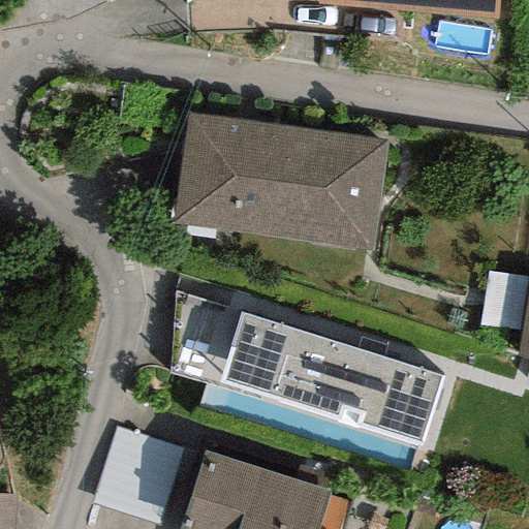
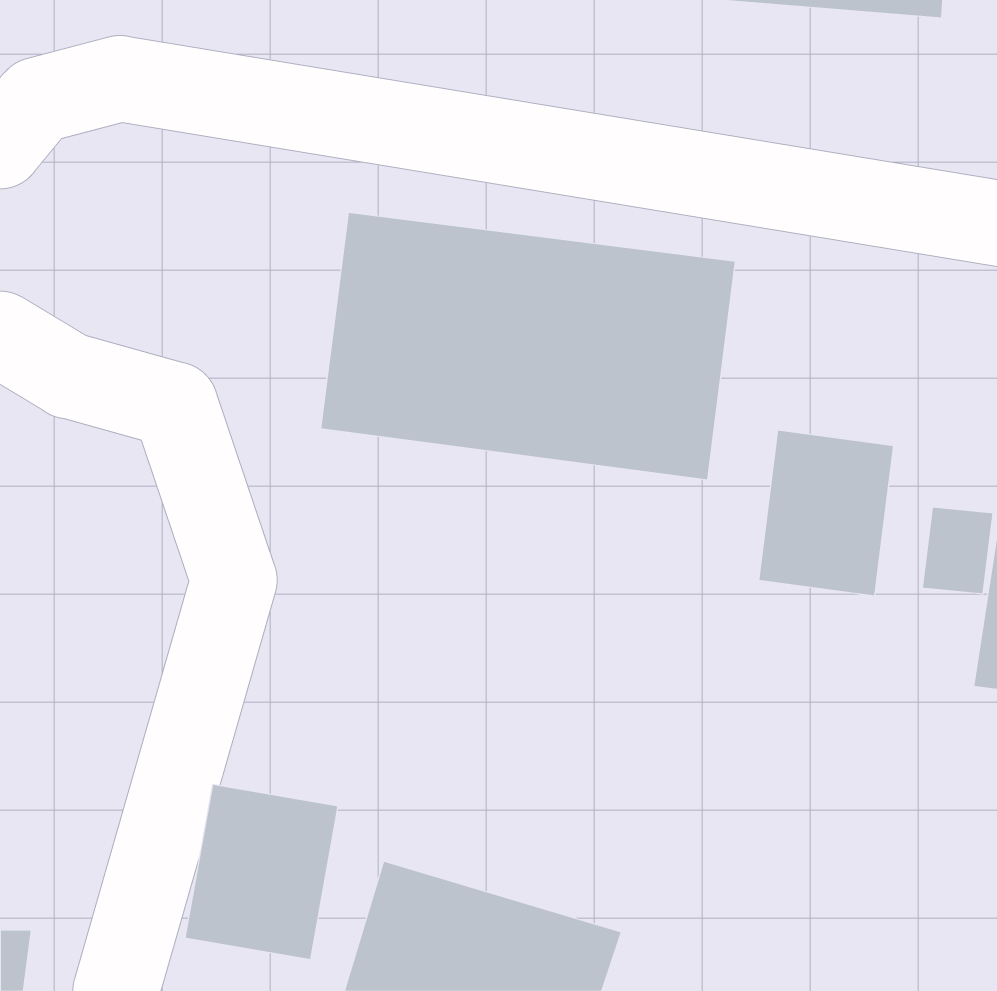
building: none -> [759,430,894,596]
building: [173,292,440,442] -> none

